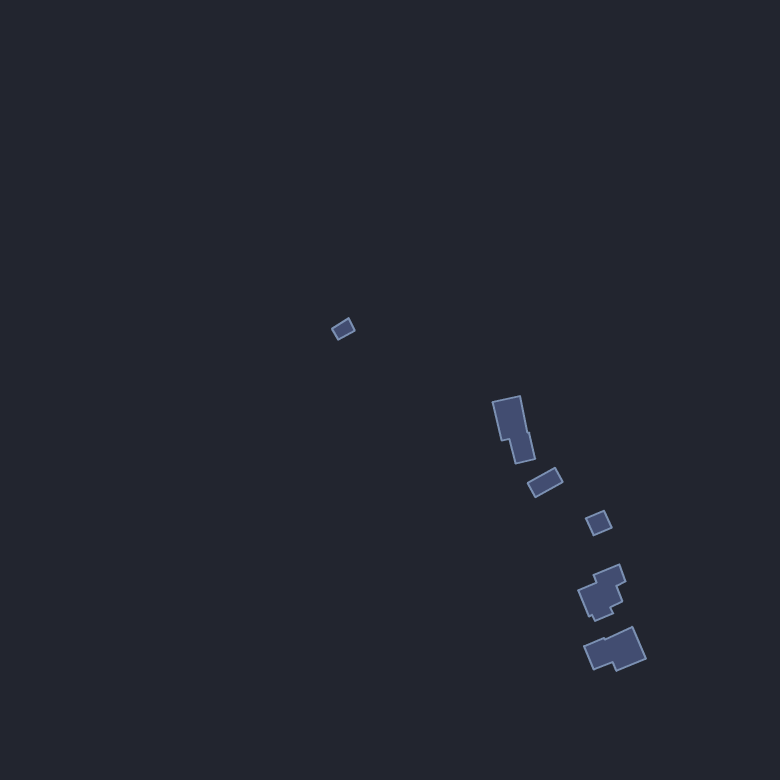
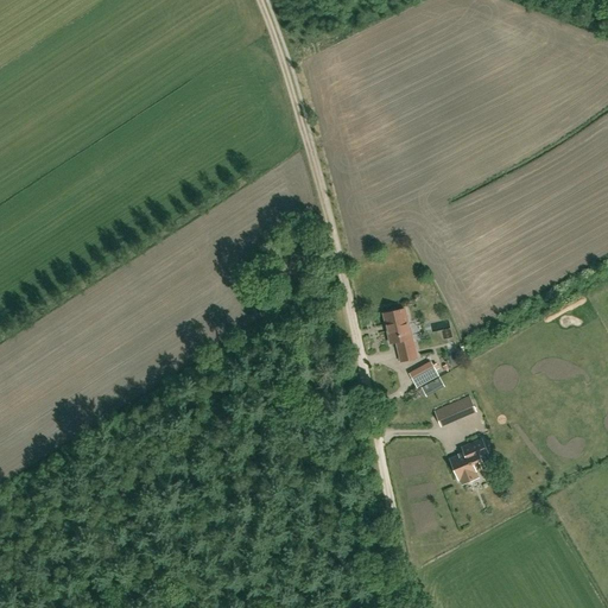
building: [584,627,646,671] -> none

